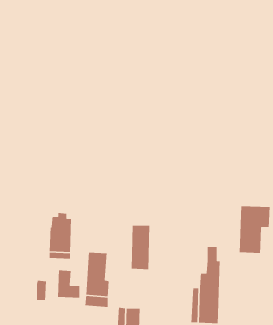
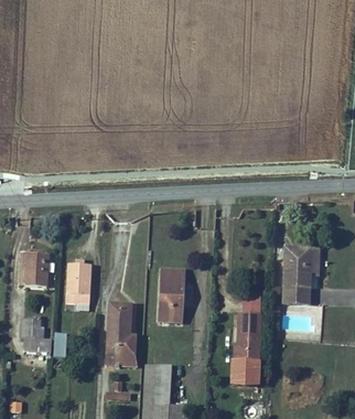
building: none -> [25,251,47,284]
building: [57,270,80,299] -> [25,320,52,353]

